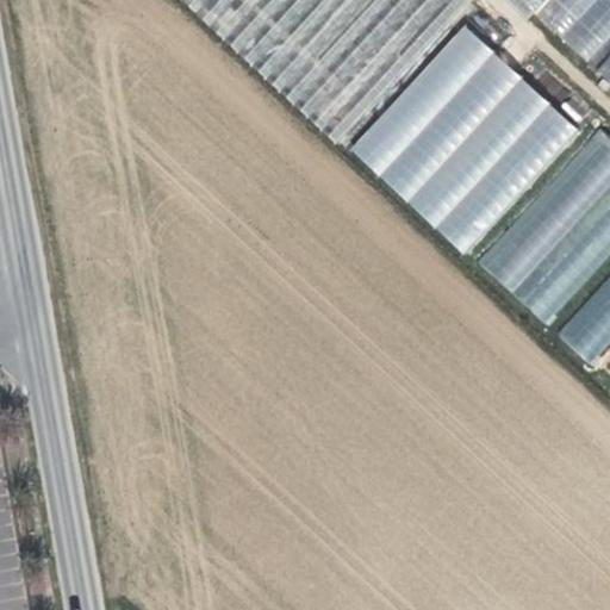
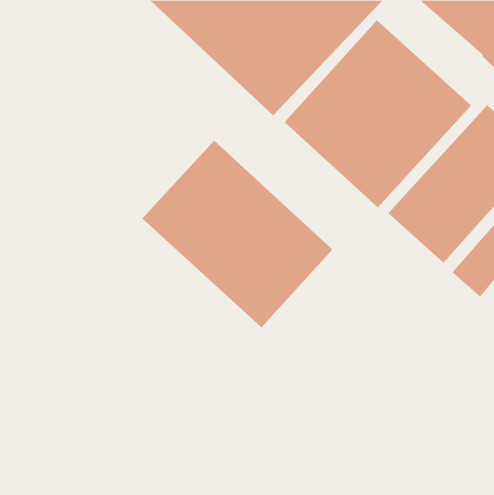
building: none -> [142,140,333,328]

